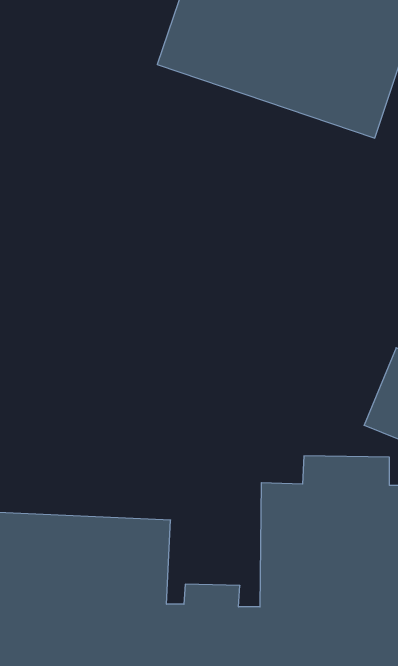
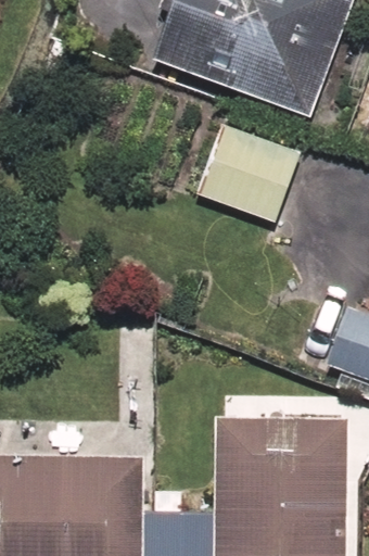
building: none -> [193,116,306,229]

